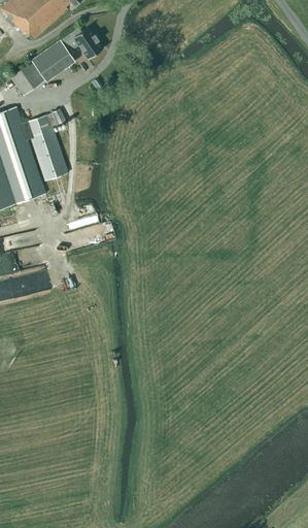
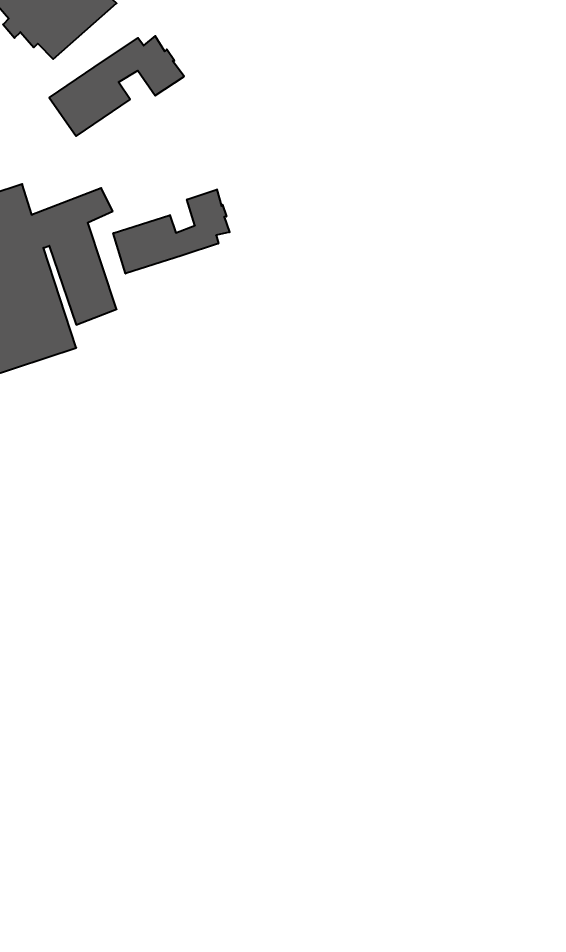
building: [9,62,43,96] -> none
building: none -> [113,189,230,274]

